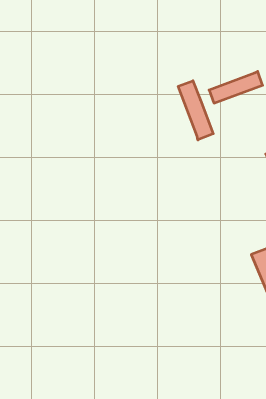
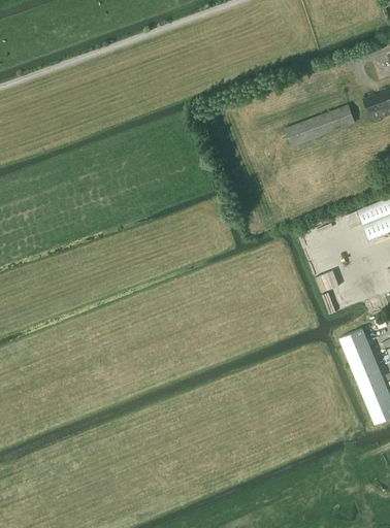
building: [178,81,213,140] -> none

